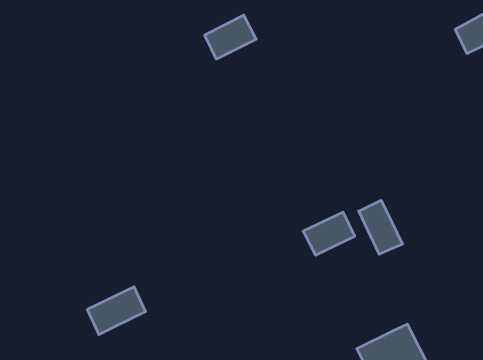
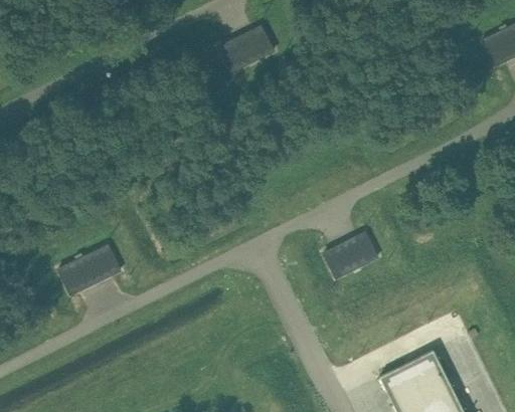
building: [359,200,402,254] -> none
building: [87,287,146,335] -> [59,244,121,294]

